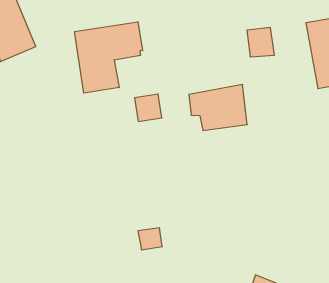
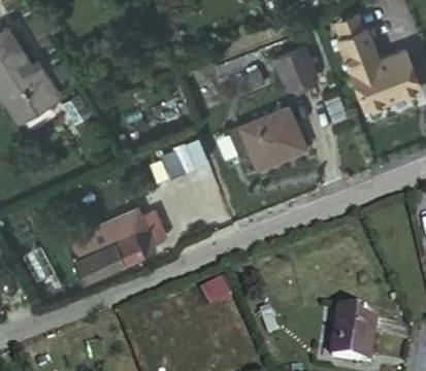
building: [75,22,143,93] -> none
building: none -> [66,208,156,278]

